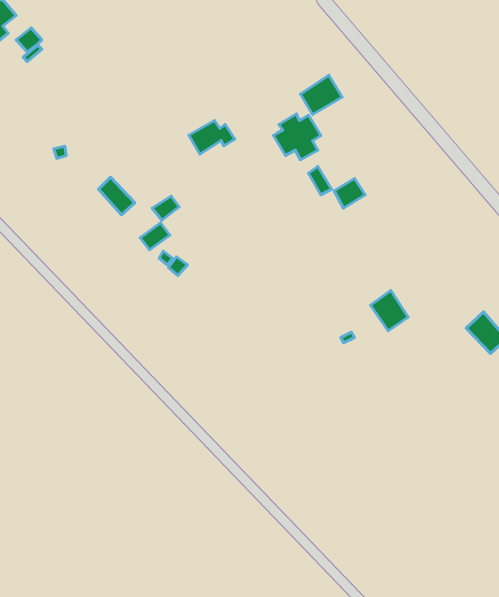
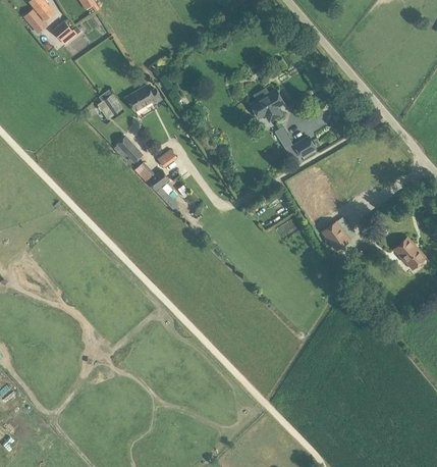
building: [300,75,342,114] -> none
building: none -> [98,90,122,119]
building: [189,120,235,154] -> [127,85,162,110]

